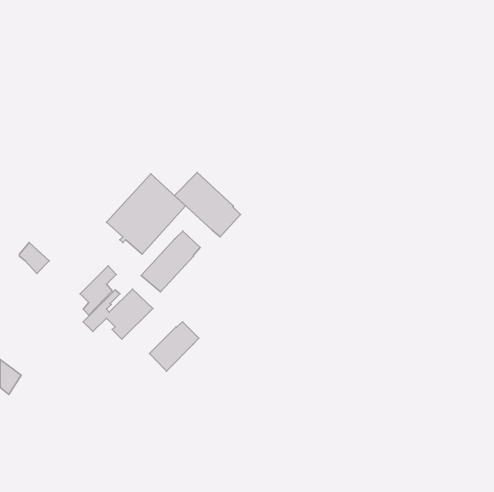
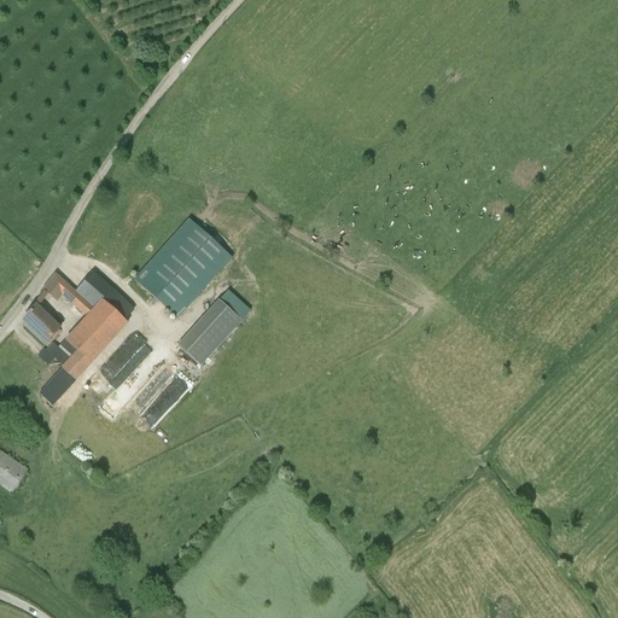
building: [175,173,241,237] -> none
building: none -> [37,270,133,404]
building: [150,322,199,371] -> none

